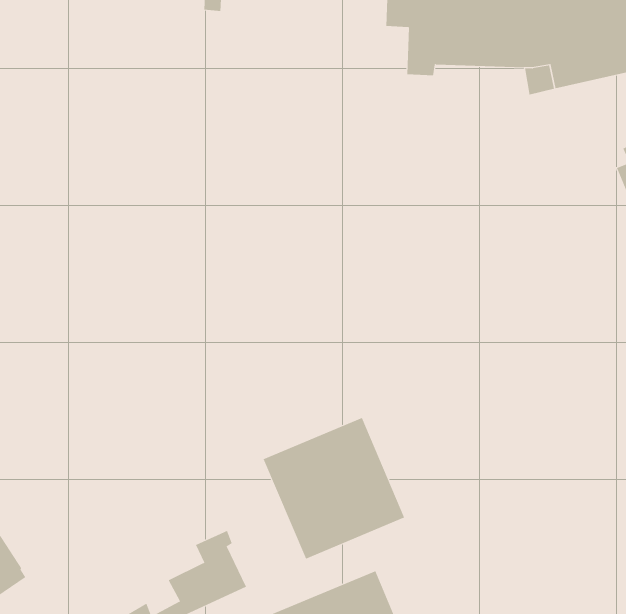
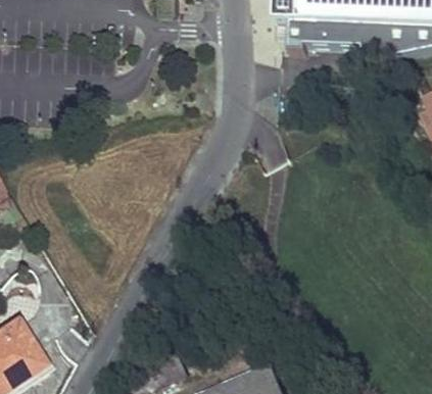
building: [263,417,405,559] -> none

